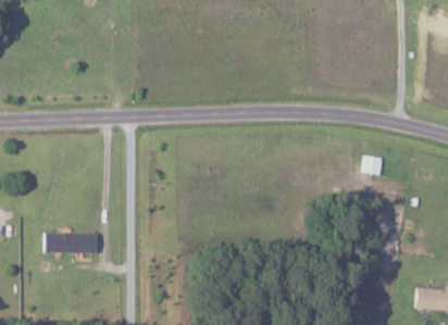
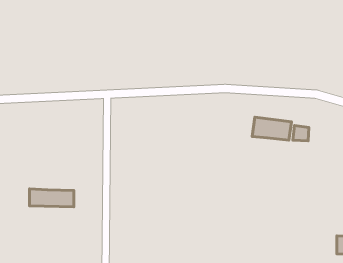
building: none -> [252,117,291,140]

